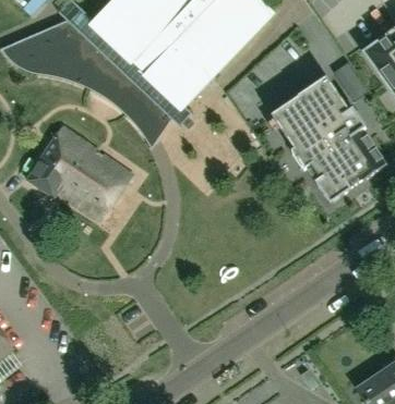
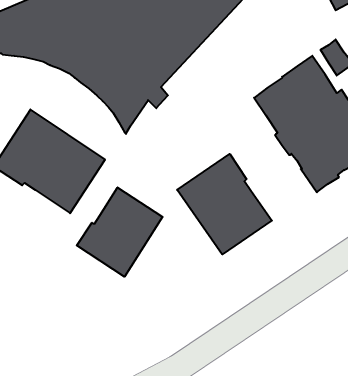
building: none -> [177,154,272,254]
building: none -> [77,187,163,277]

